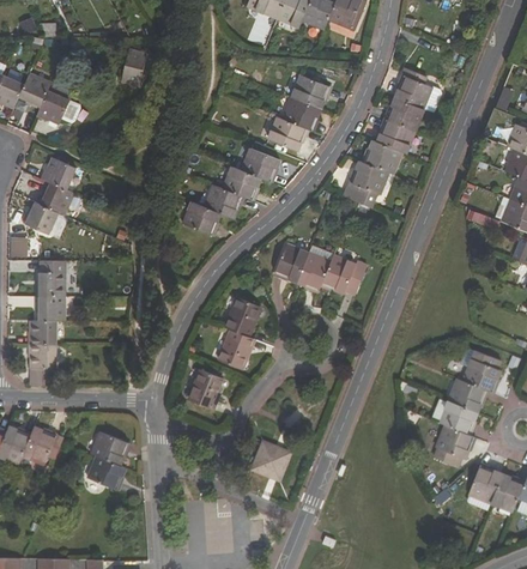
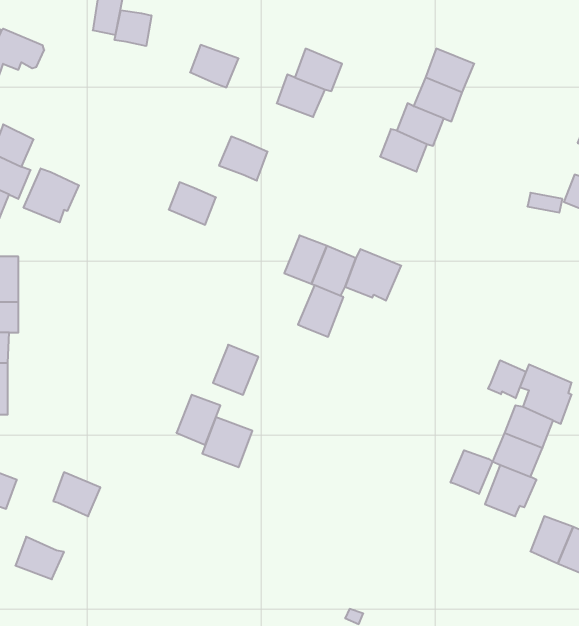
building: none -> [115,10,151,46]
building: [394,67,432,108] -> none
building: [291,73,329,108] -> none
building: [242,147,280,181] -> [190,45,239,87]
building: [204,183,242,218] -> none
building: none -> [24,168,79,222]
building: [224,296,260,337] -> [298,285,343,337]
building: none -> [488,360,526,398]
building: none -> [451,450,492,494]
building: [252,440,291,479] -> [202,417,252,467]
building: [87,454,126,488] -> [15,537,64,579]

